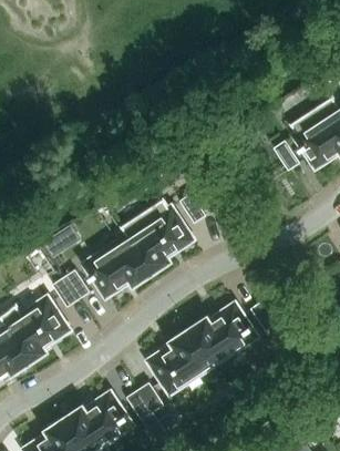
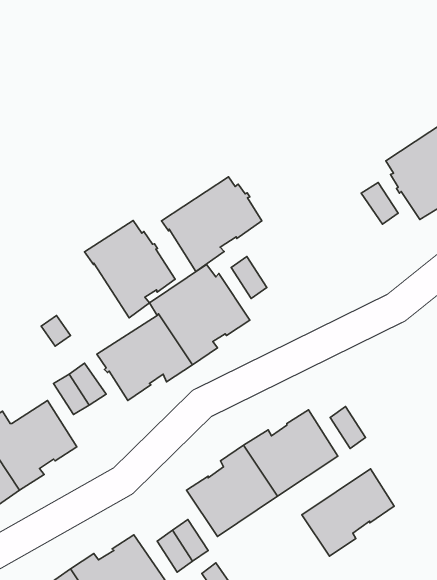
building: none -> [162,177,262,272]
building: none -> [85,220,175,318]
building: none -> [302,469,394,556]

